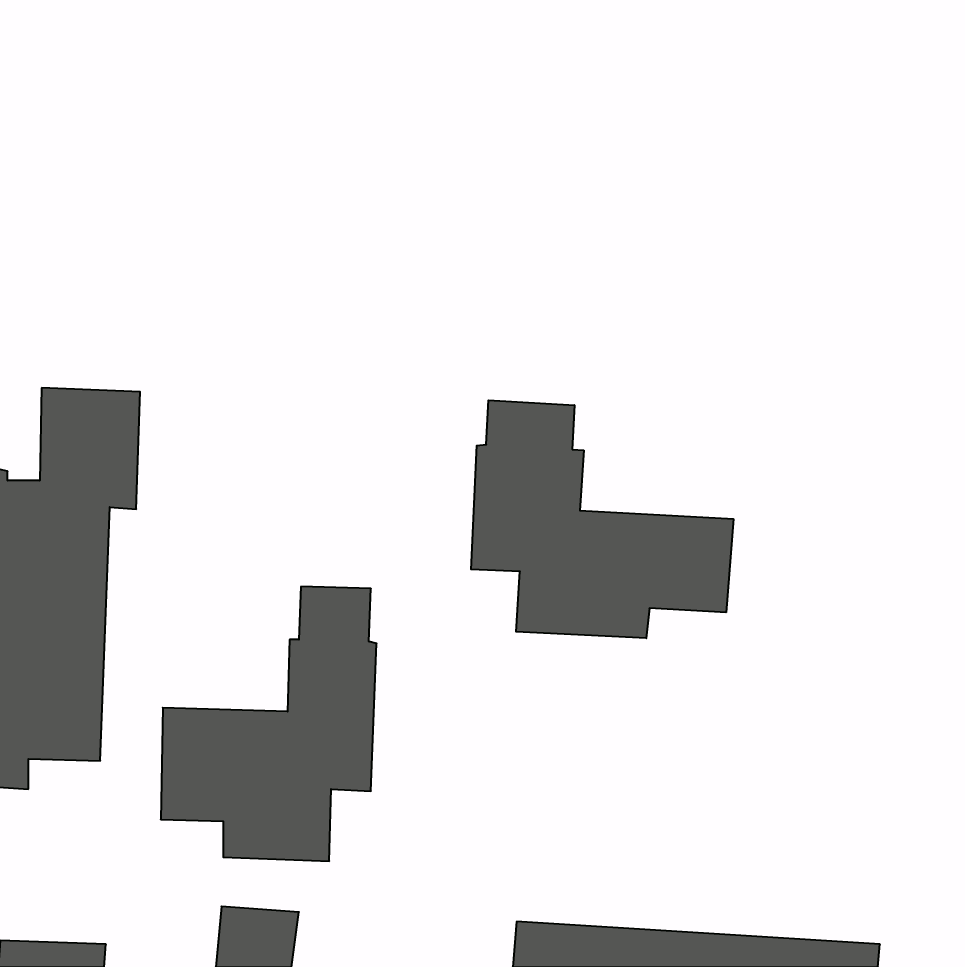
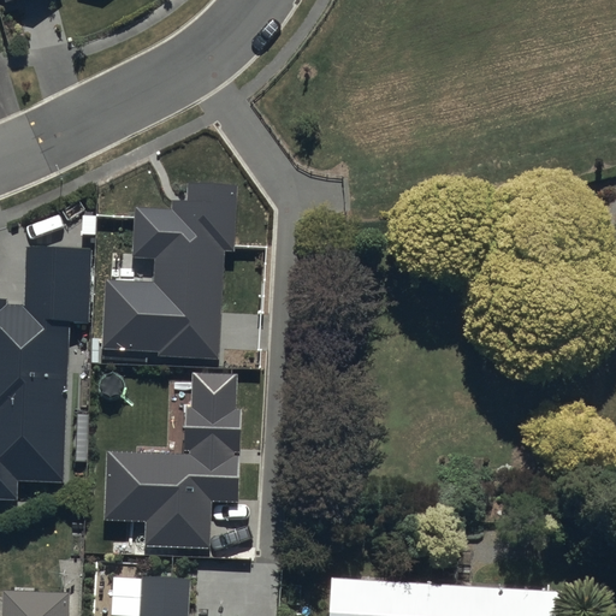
building: none -> [100,184,235,361]
building: [471,400,733,638] -> none

